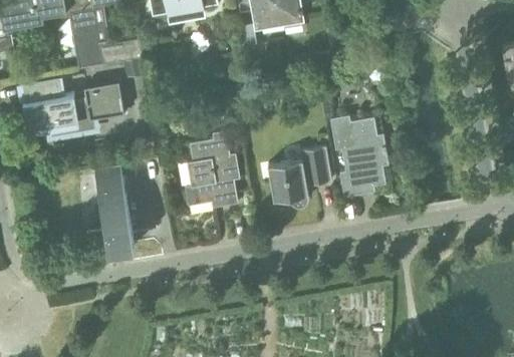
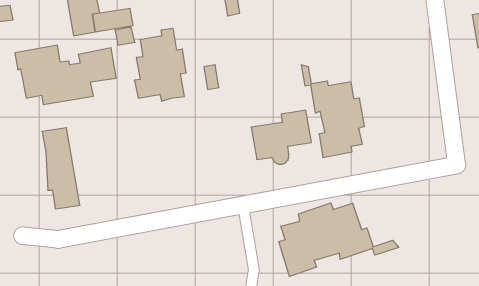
building: [184,131,239,209] -> [134,28,186,101]
building: [93,165,134,252] -> [42,128,80,209]
building: none -> [279,203,399,276]

